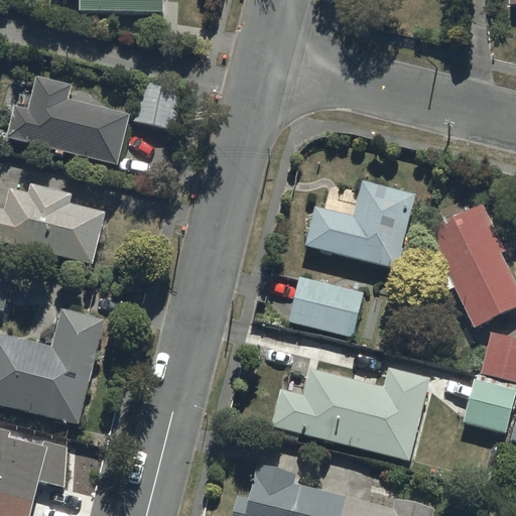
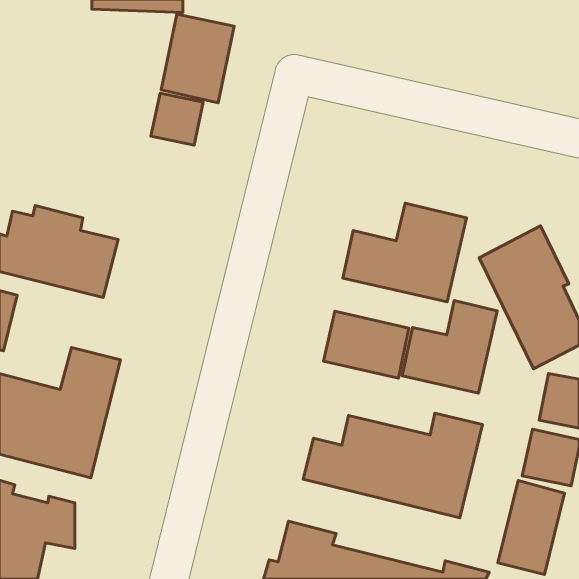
building: none -> [161,14,234,103]
building: [6,75,131,166] -> none
building: none -> [402,301,497,393]
building: none -> [498,480,564,574]

